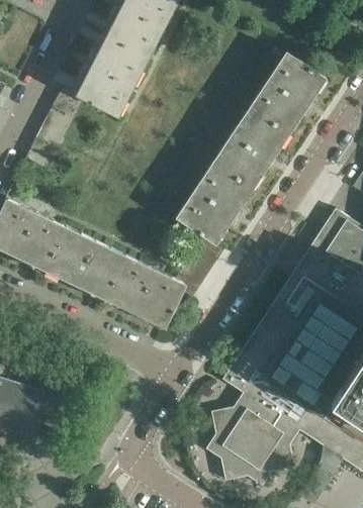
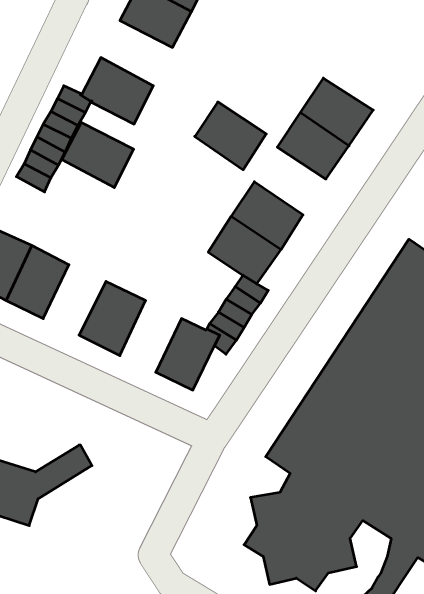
building: [92,35,149,87] -> [62,122,134,188]
building: [268,53,326,106] -> none
building: [213,135,270,189] -> [195,102,266,170]
building: [47,228,96,284] -> none
building: [107,257,156,313] -> none

